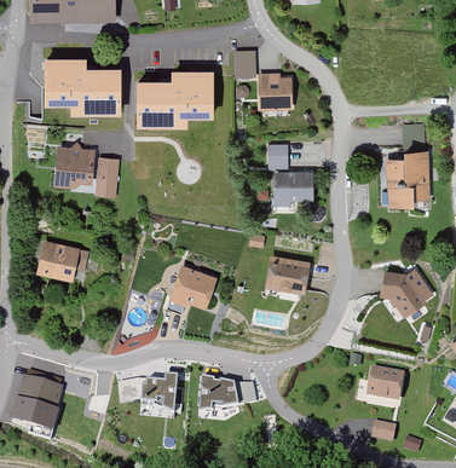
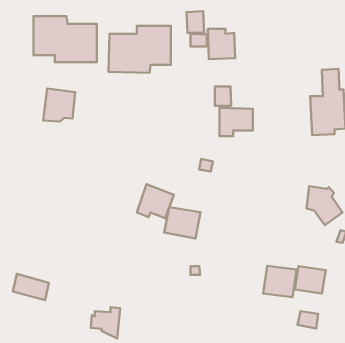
building: [96,158,119,189] -> none
building: [36,241,88,283] -> none
building: [266,258,311,296] -> [164,207,200,238]
building: none -> [263,266,297,297]
building: [140,375,177,414] -> [91,307,120,339]
building: [198,376,237,409] -> none
building: [11,399,57,432] -> none

